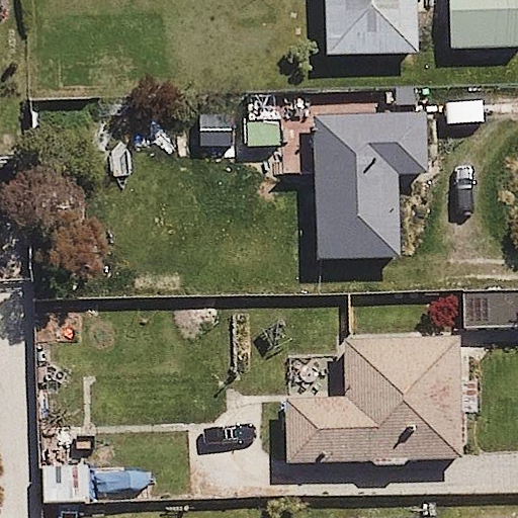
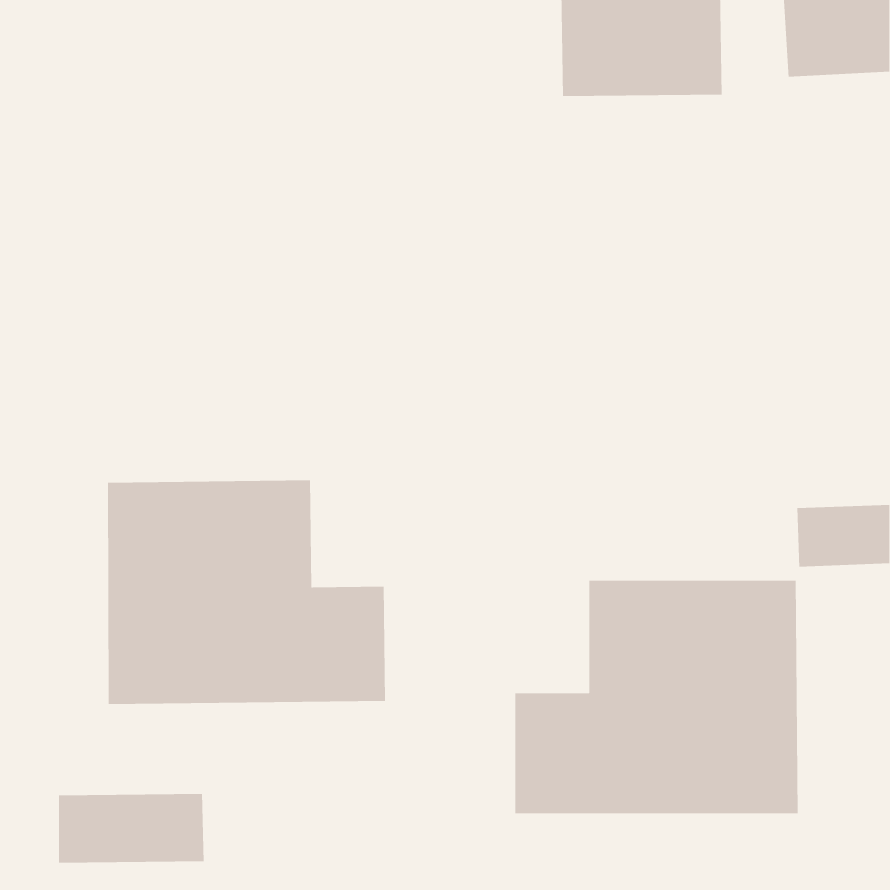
building: [313,79,431,260] -> none
building: none -> [107,480,386,705]

